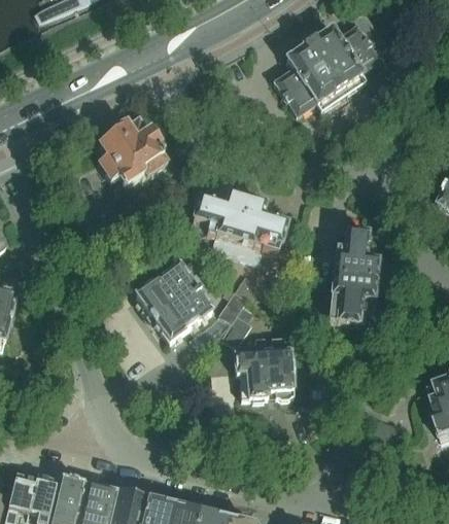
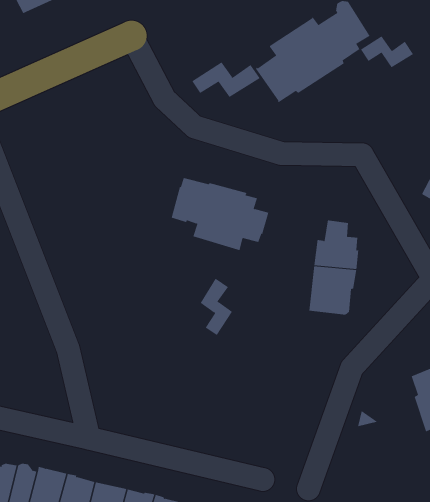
building: none -> [360,35,414,68]
building: none -> [192,61,261,98]
building: [99,117,168,183] -> none
building: [135,264,212,340] -> none
building: [235,335,295,399] -> none

